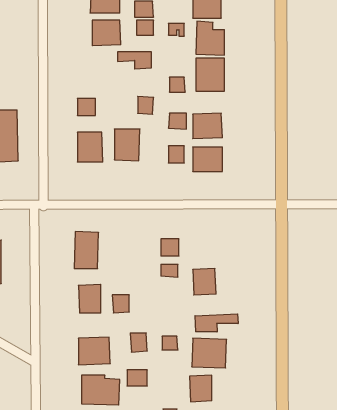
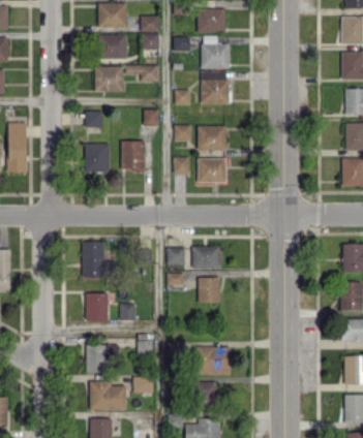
building: none -> [94,66,124,91]
building: none -> [192,246,220,269]
building: [195,314,238,332] -> none

